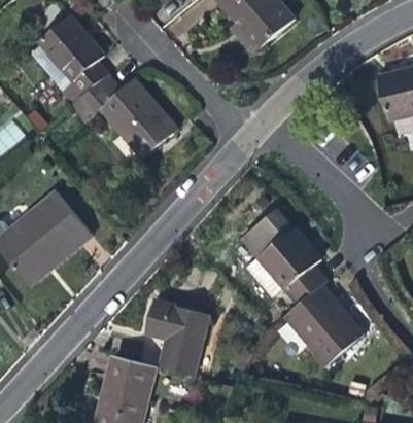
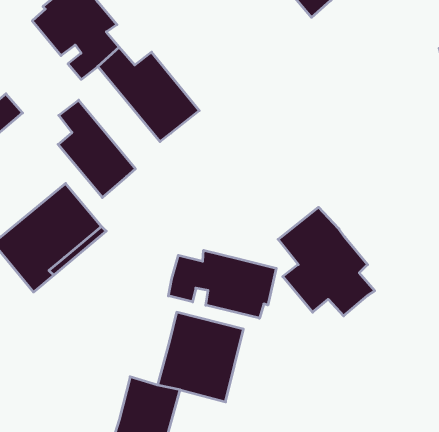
building: none -> [58,100,135,198]
building: none -> [168,250,276,318]
building: [282,288,359,366] -> none

